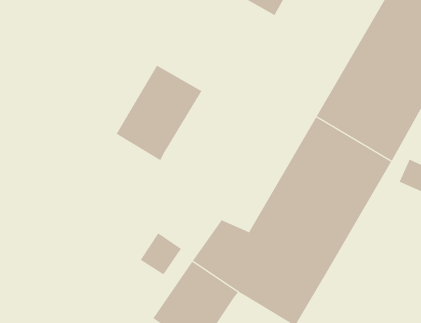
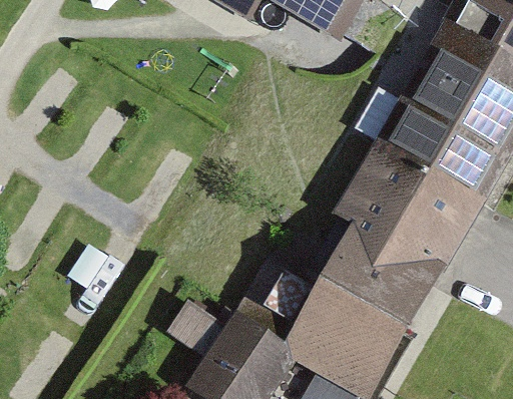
building: [116,65,202,161] -> none

